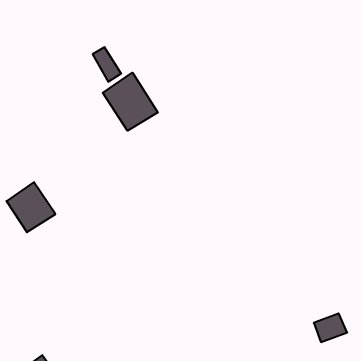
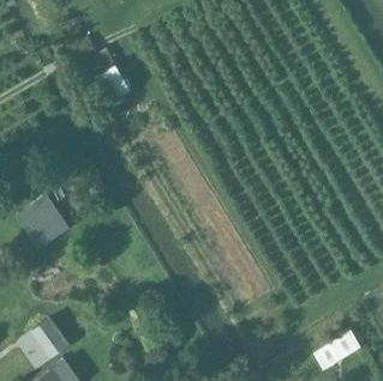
building: [103,73,158,131] -> none
building: none -> [28,316,70,359]

